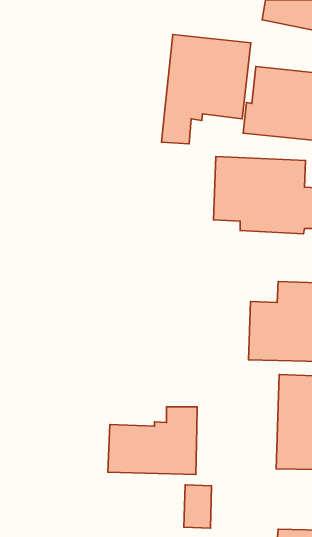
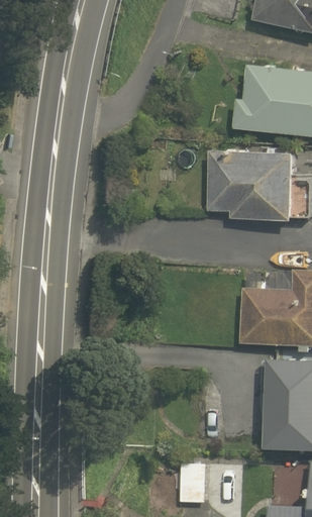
building: [162,35,251,144] -> none
building: [108,407,197,474] -> none

